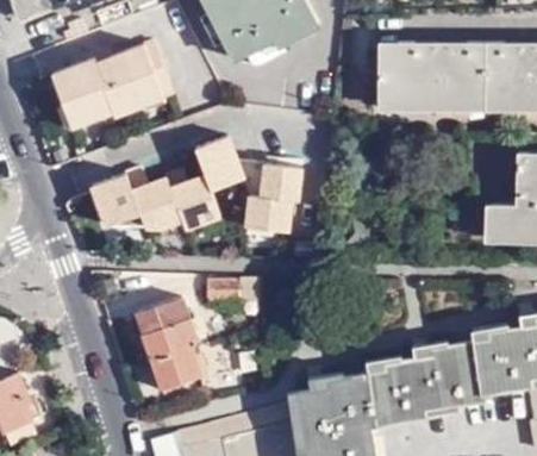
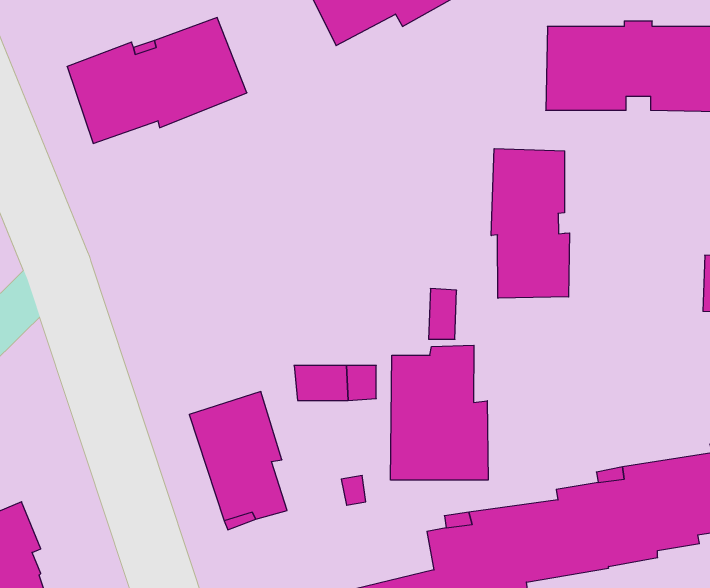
building: none -> [491,149,570,298]
building: [95,136,300,233] -> none
building: none -> [391,345,488,480]

